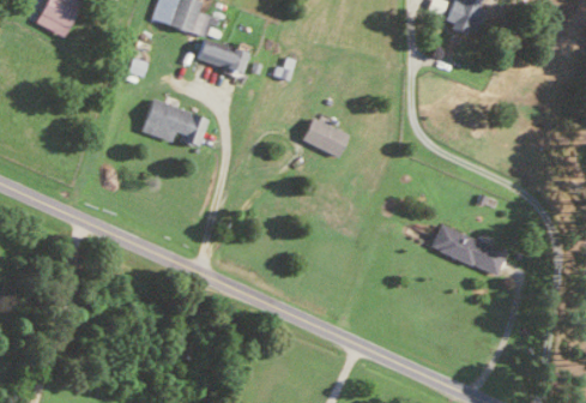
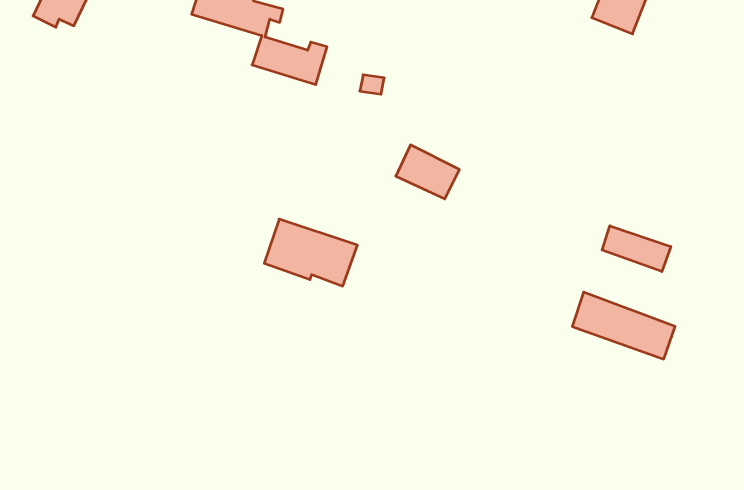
building: [141,98,210,148] -> [264,219,357,286]
building: none -> [602,226,671,272]

